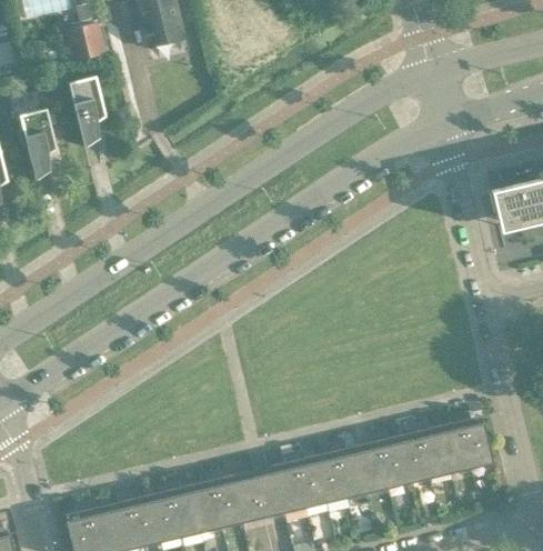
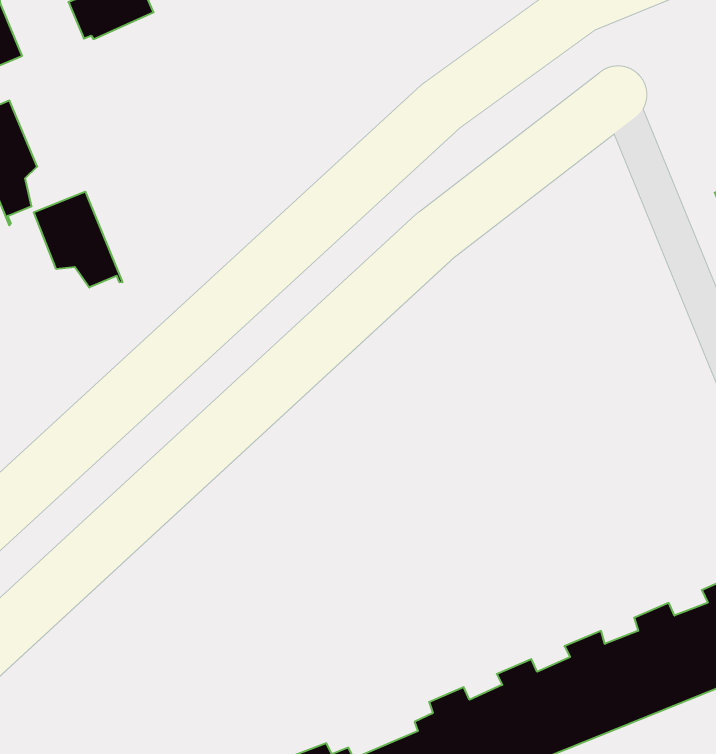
building: none -> [34,192,122,288]

